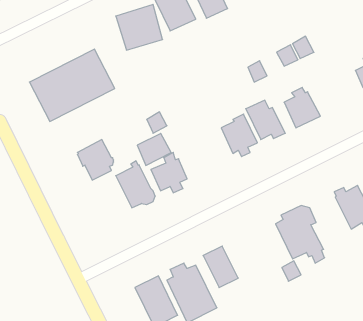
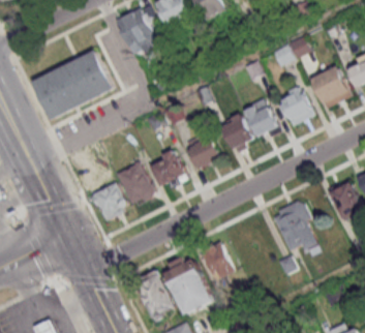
building: none -> [310,66,352,109]
building: [137,133,171,165] -> [187,139,220,170]
building: [77,140,114,180] -> [91,181,126,220]

